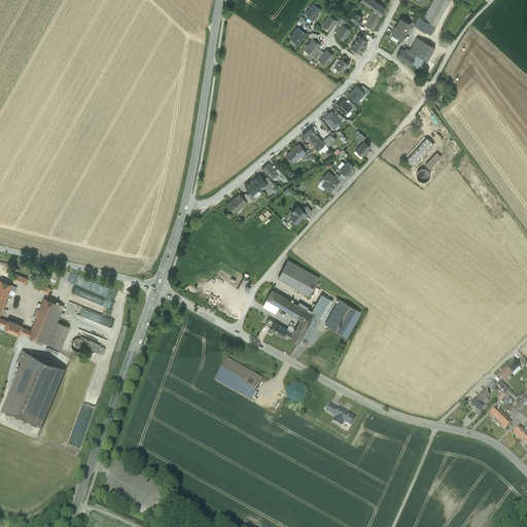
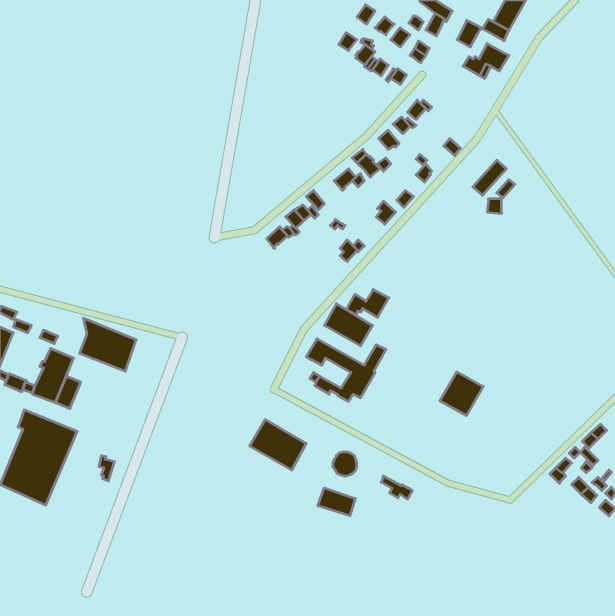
building: none -> [346,289,389,317]
building: [323,300,360,337] -> [440,372,483,415]
building: none -> [318,488,355,516]

